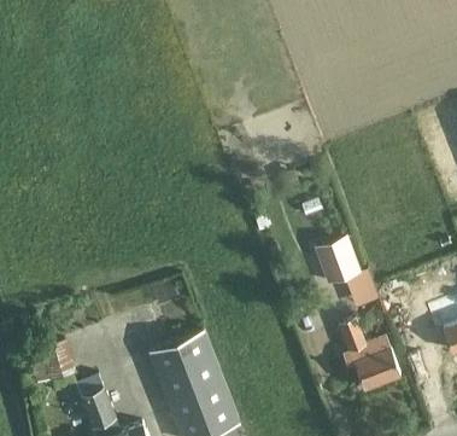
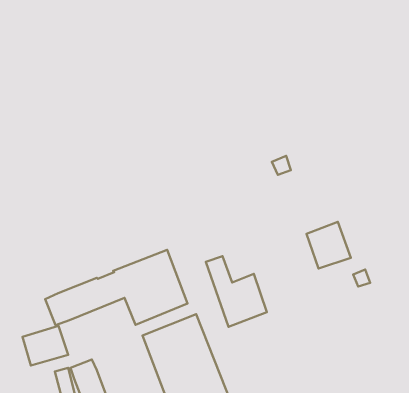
building: none -> [45,250,187,325]
building: [340,319,402,390] -> [206,256,267,327]

